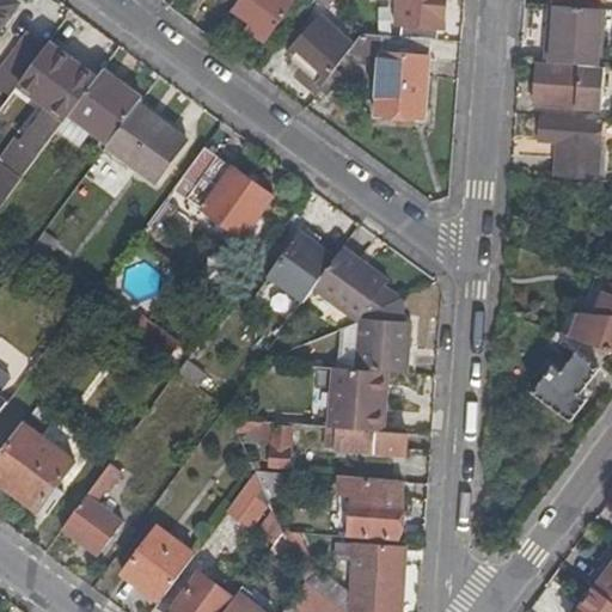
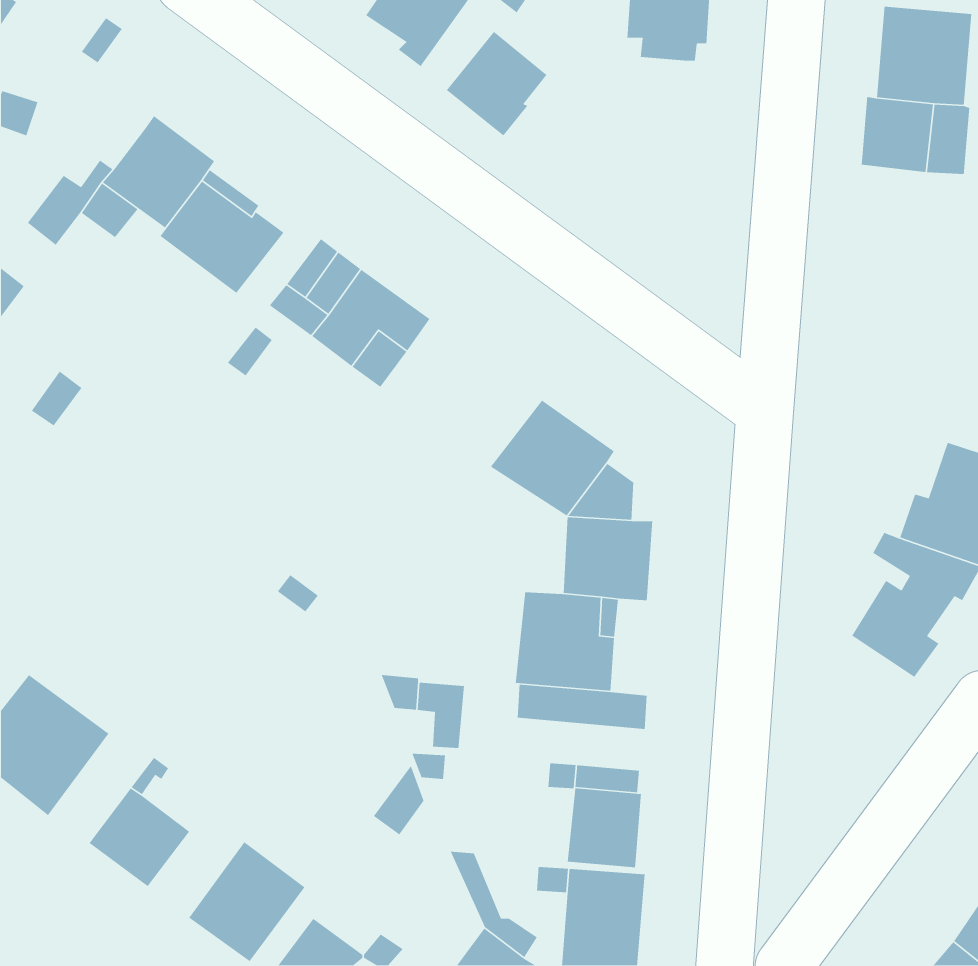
building: [345,32,430,118] -> none
building: [33,50,92,105] -> none
building: [537,120,602,178] -> none
building: [265,233,331,301] -> none

